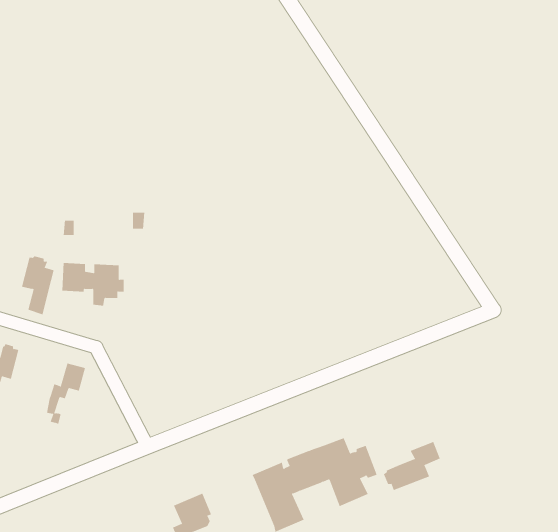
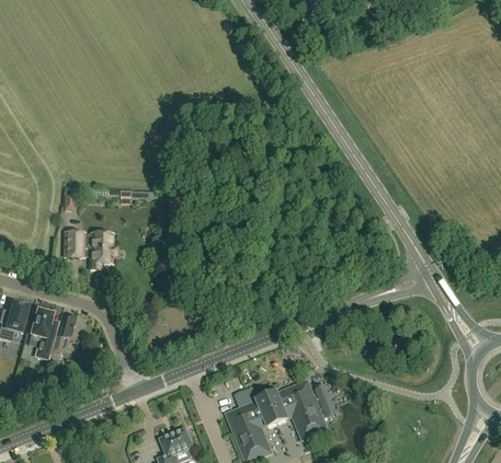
building: [21,256,55,315] -> [31,306,59,357]
building: [383,441,441,491] -> none

